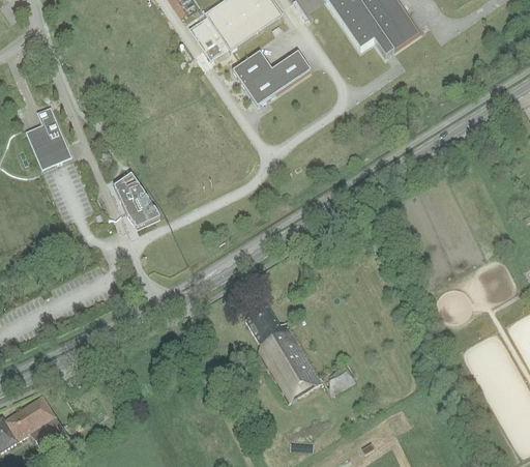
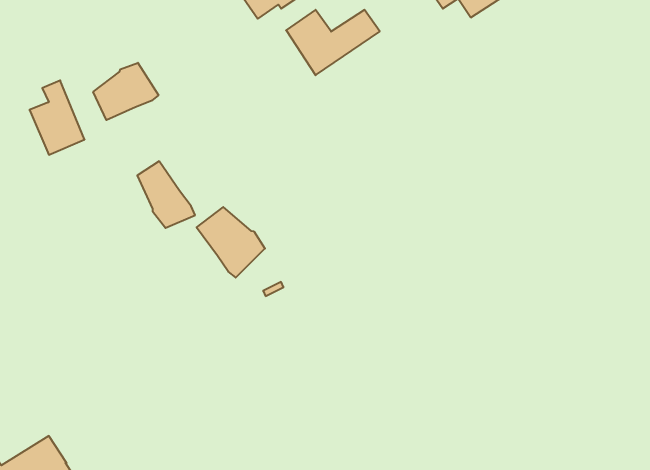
building: none -> [93,63,158,120]
building: none -> [197,207,265,278]
building: [246,307,355,402] -> none

